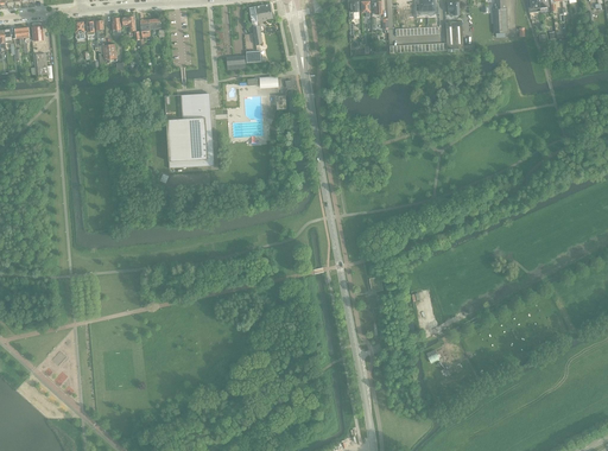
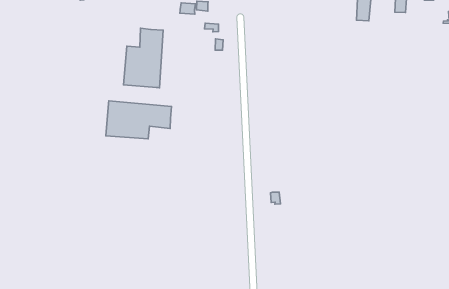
building: none -> [106,101,172,139]

